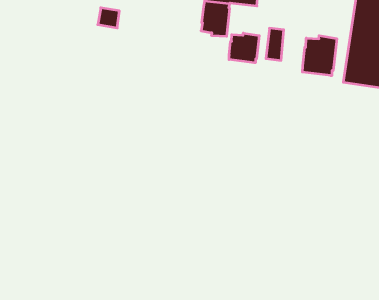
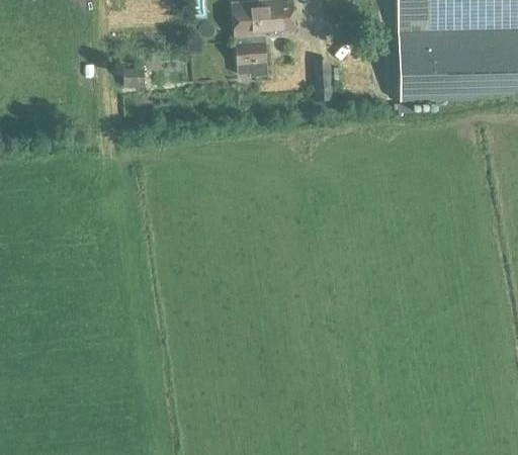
building: [229,33,259,63] -> none
building: [302,36,337,76] -> none

